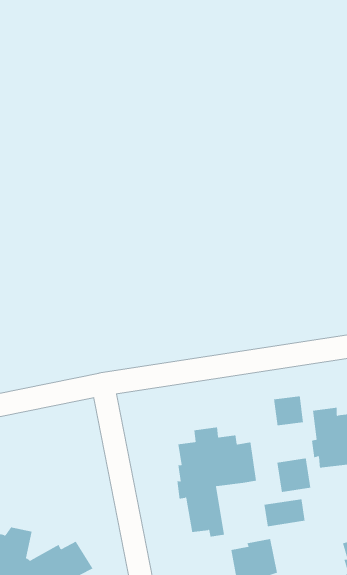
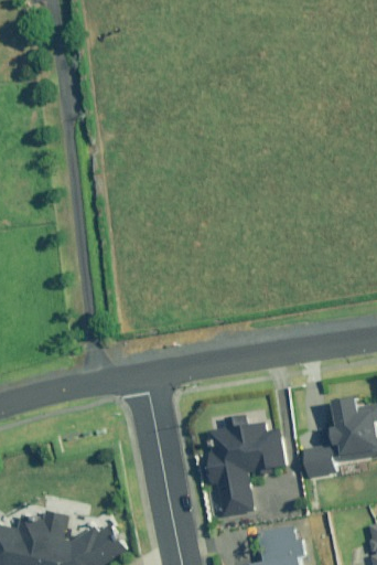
building: [274,396,303,426] -> none
building: [264,499,305,527] -> none

